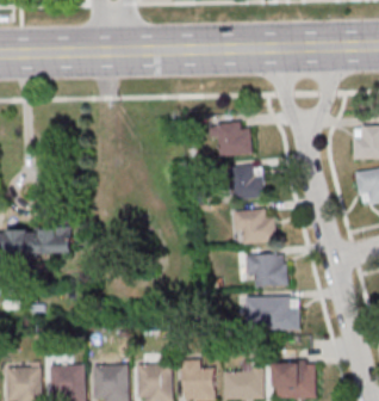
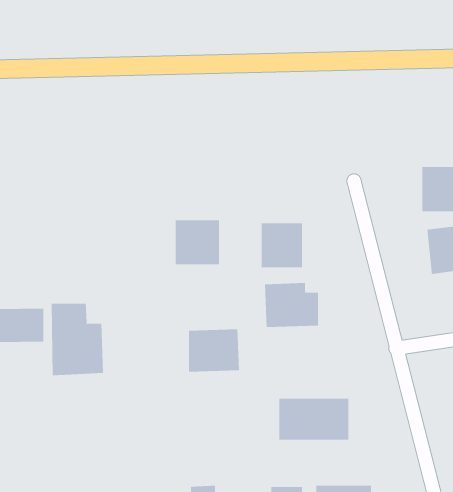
building: [218,123,251,156] -> [175,220,220,265]
building: none -> [51,303,103,376]
building: [248,253,286,285] -> [188,329,240,372]

